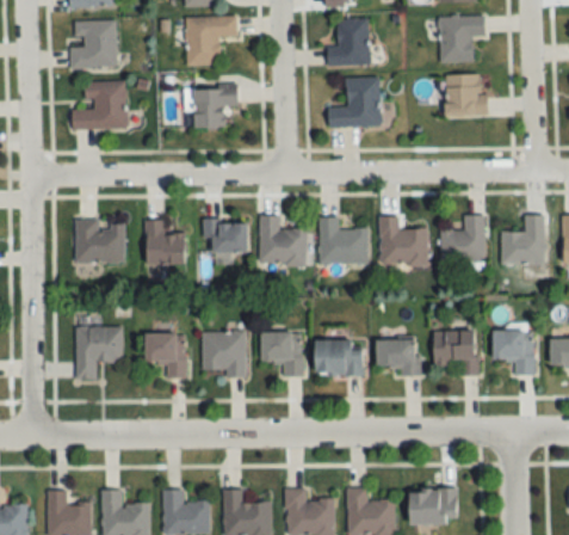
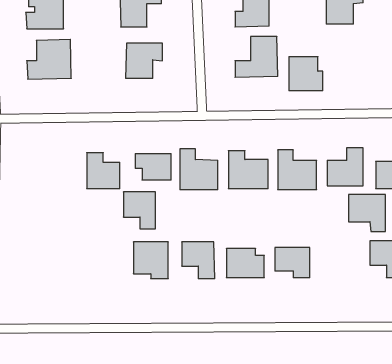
building: [446,75,488,117] -> [289,57,323,91]
building: [75,219,124,264] -> none
building: [78,325,123,377] -> none
building: [434,330,480,375] -> [349,195,385,231]
building: [147,332,186,377] -> [123,192,155,229]

